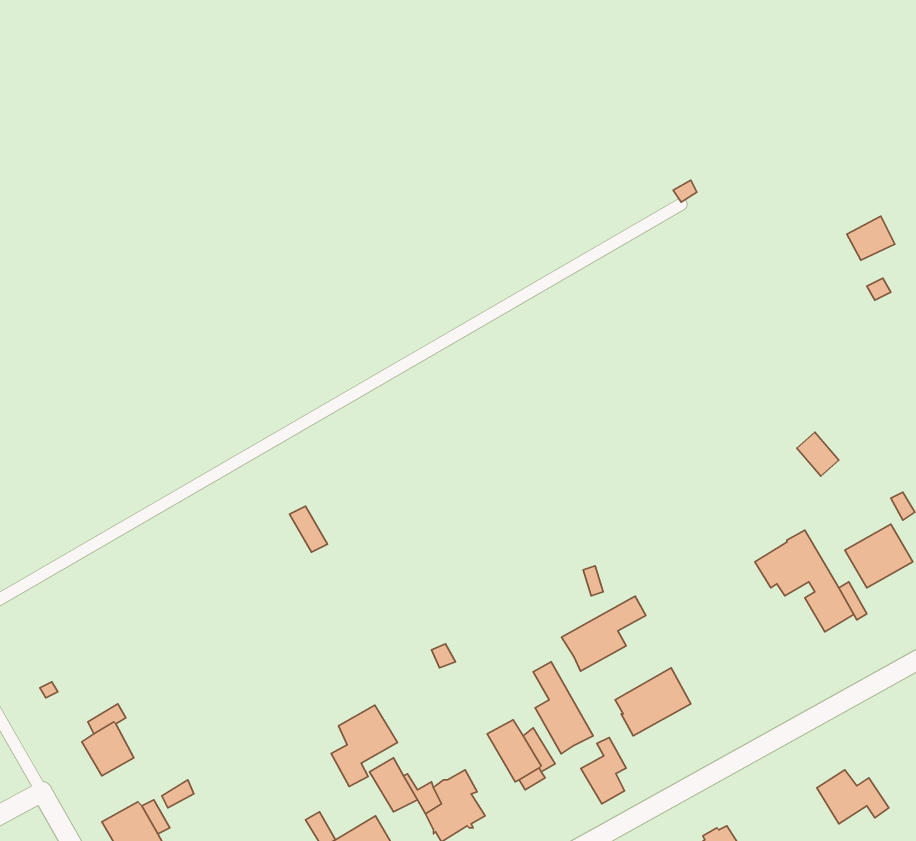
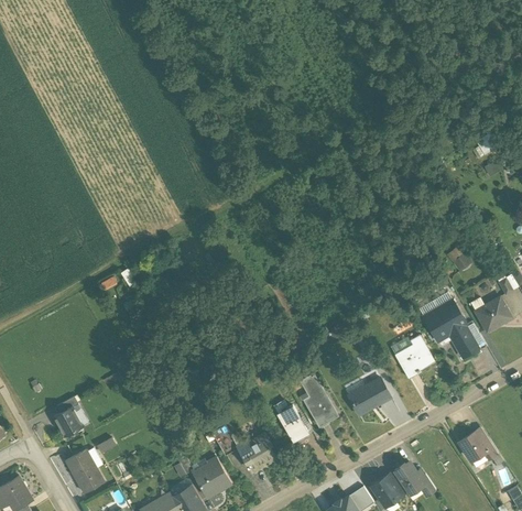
building: none -> [394,335,434,377]
building: [562,596,646,671] -> none
building: [331,705,397,786] -> none
building: [581,737,626,804] -> none

